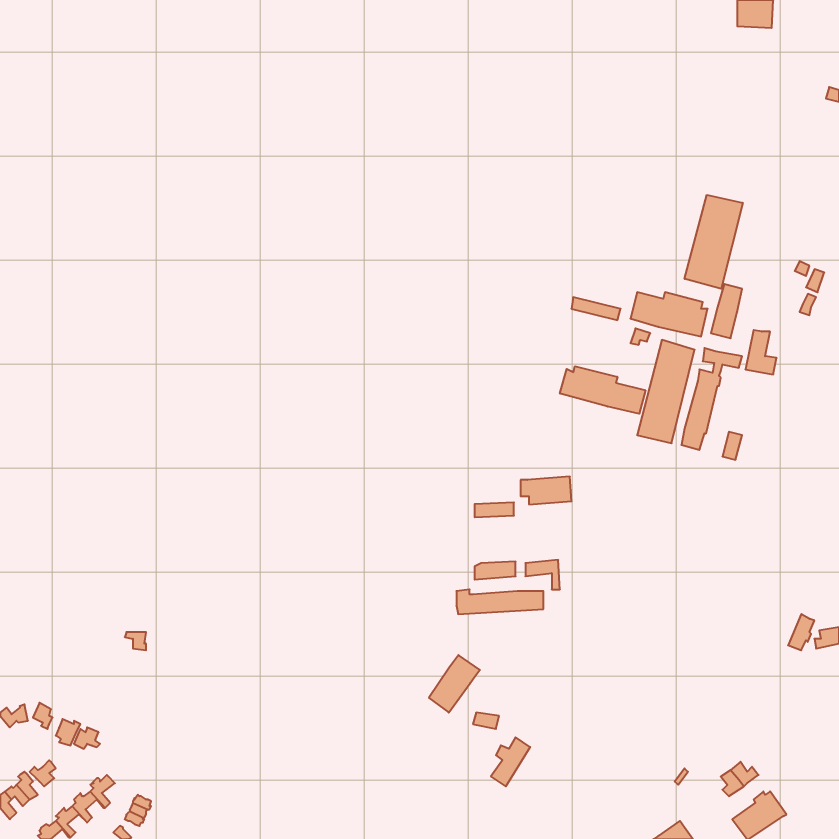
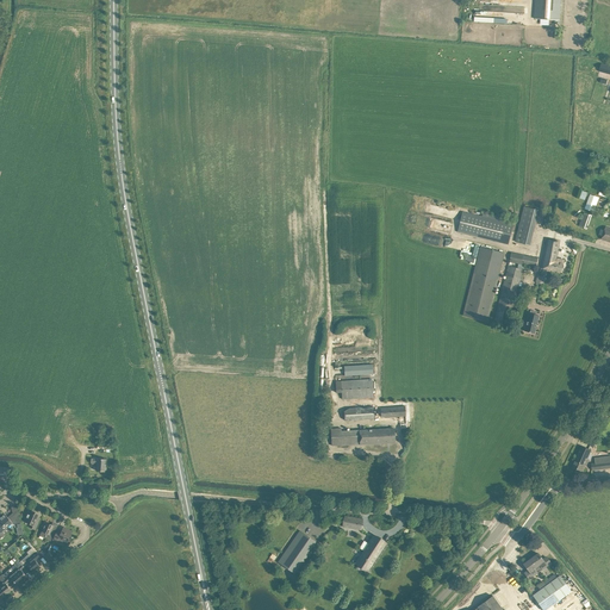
building: [685,195,743,289] -> none
building: [560,366,645,414] -> none
building: [521,477,572,504] -> [336,379,373,399]
building: [429,655,480,713] -> [279,531,316,573]

